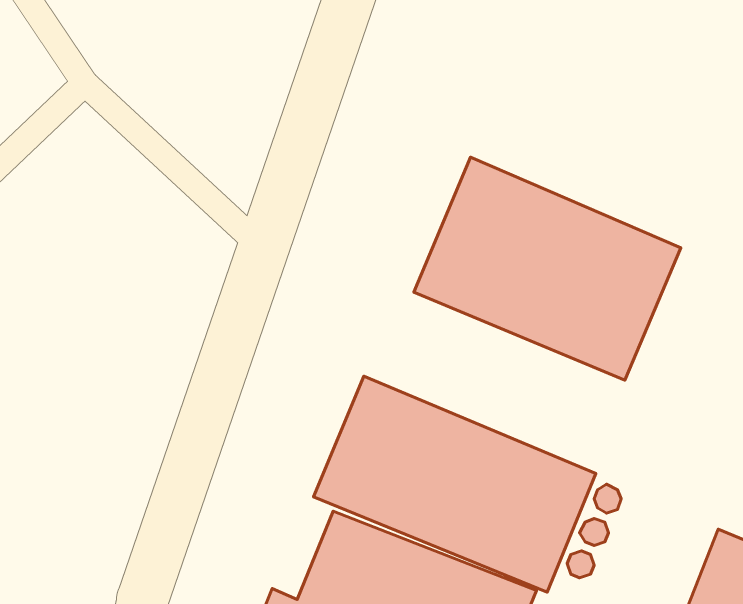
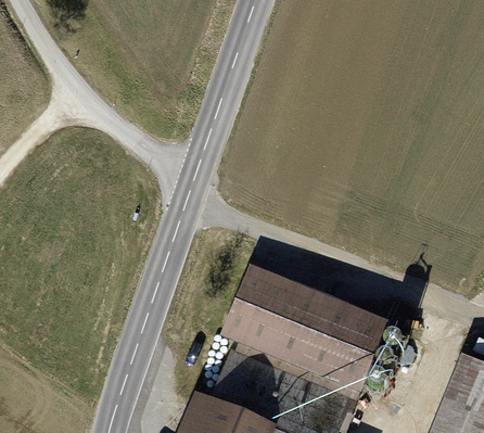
building: [414,157,681,380] -> none

